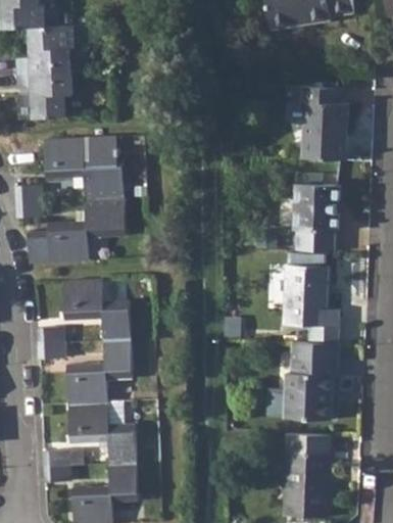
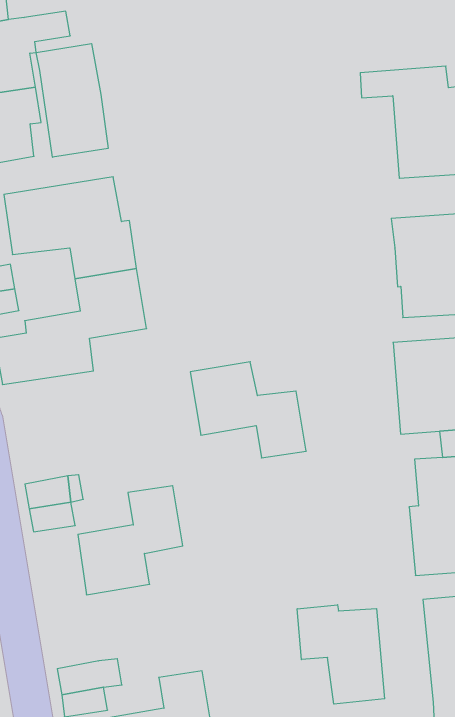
building: none -> [36,44,108,157]
building: [62,278,132,341] -> [190,362,306,458]
building: [67,402,137,464] -> none
building: none -> [297,605,385,704]

